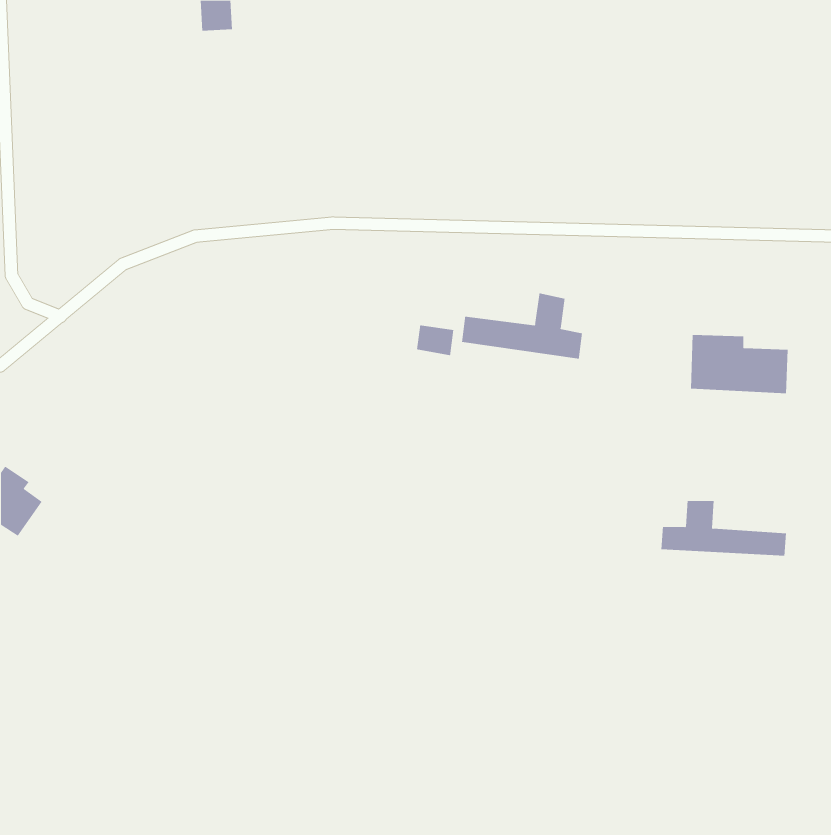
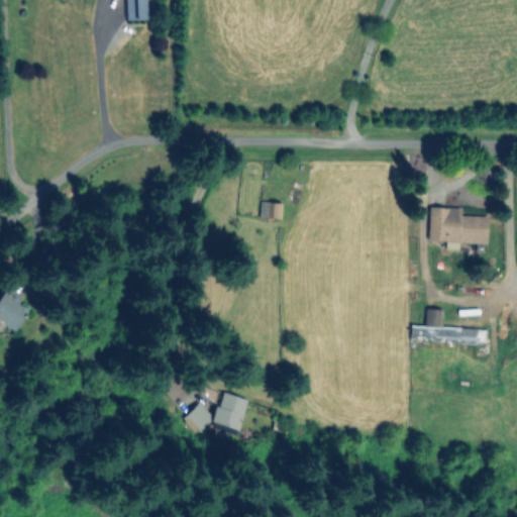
building: [461,293,582,359] -> none
building: none -> [188,393,248,434]

